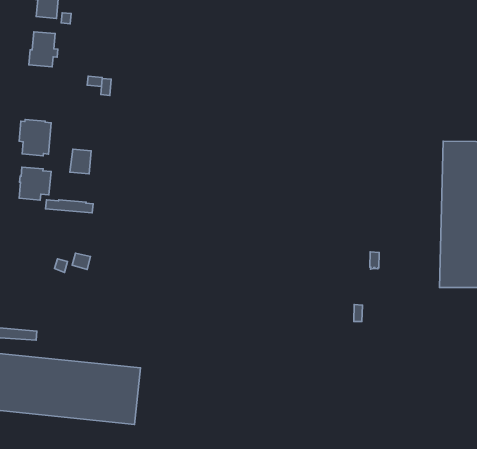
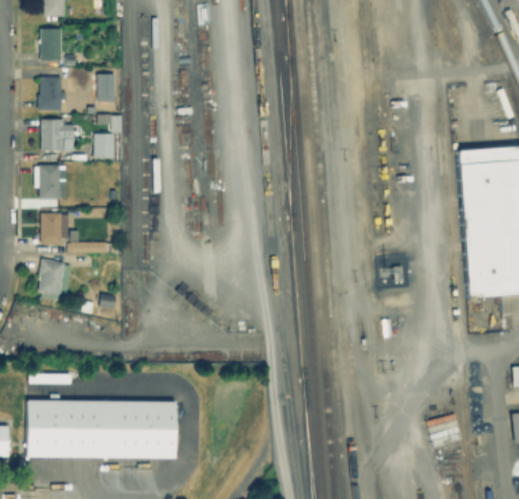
building: none -> [98,74,116,102]
building: none -> [42,120,74,151]
building: [70,149,91,174] -> [95,135,115,158]
building: none -> [39,259,72,299]

